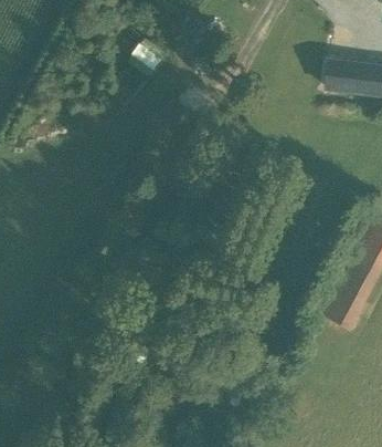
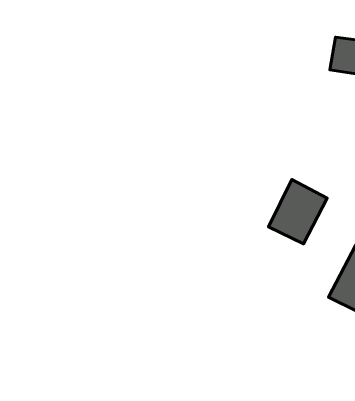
building: none -> [268,180,327,244]

